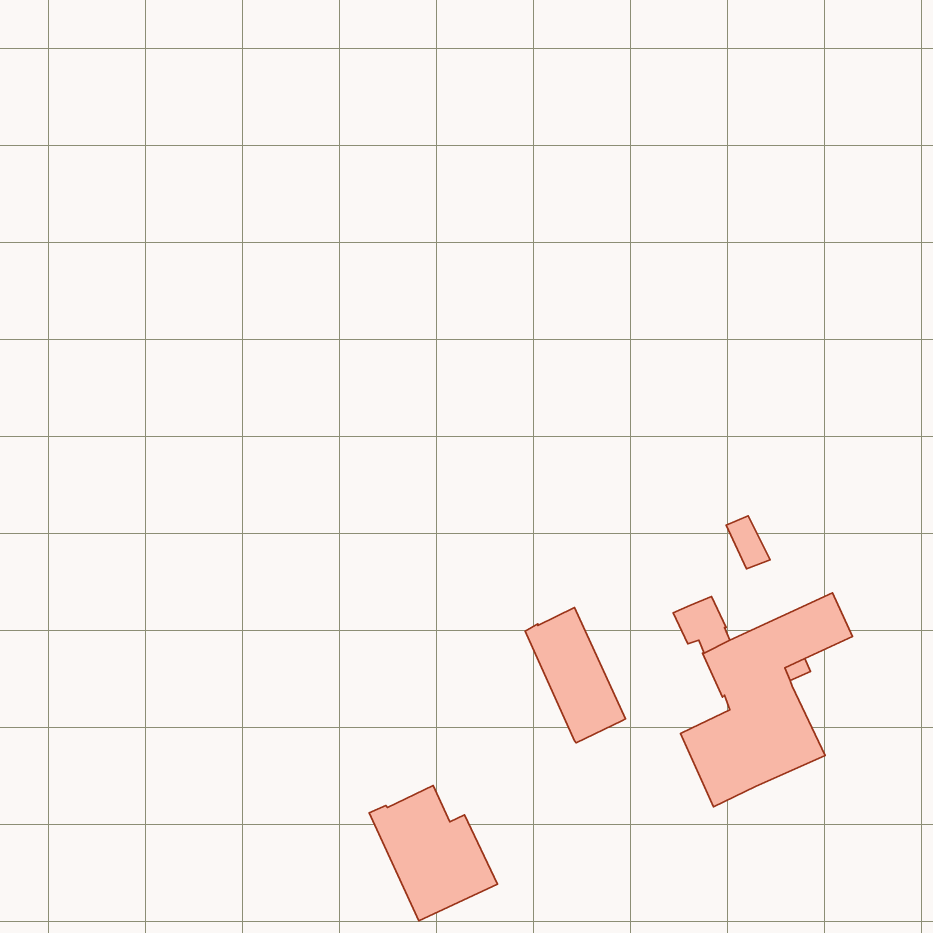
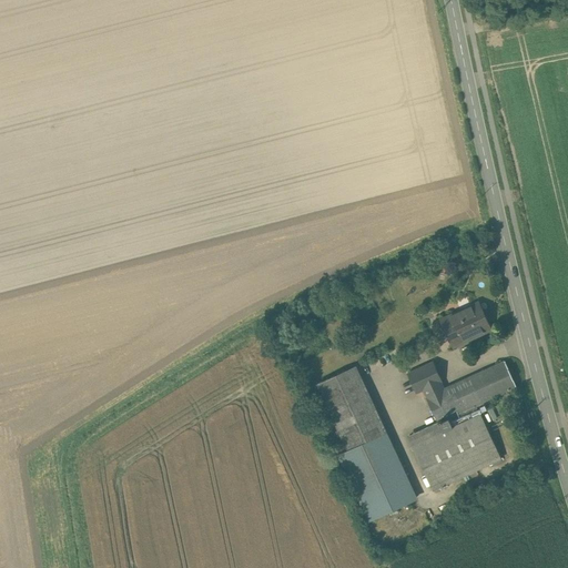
building: none -> [455,301,493,339]
building: [369,785,497,921] -> [339,437,417,519]

